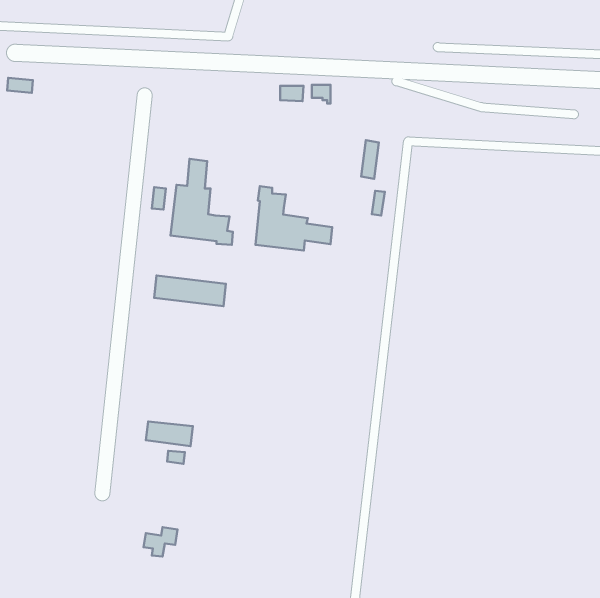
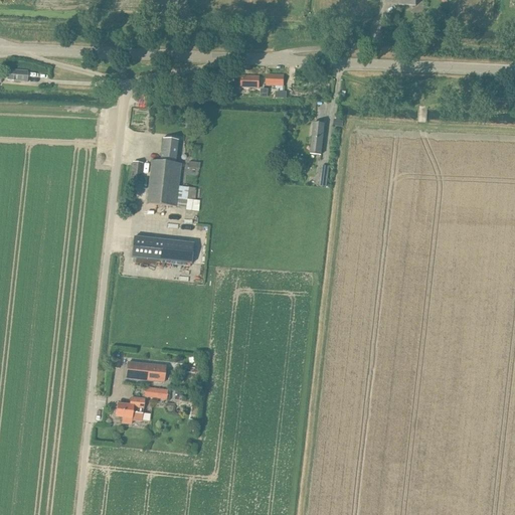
building: [255,186,332,250] -> none
building: [144,527,178,557] -> [116,396,145,421]

